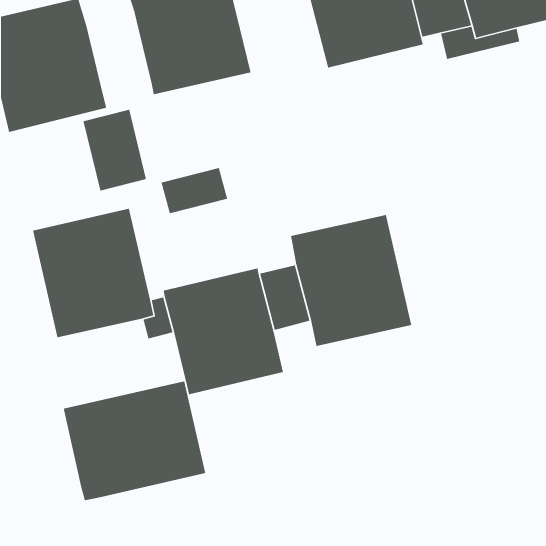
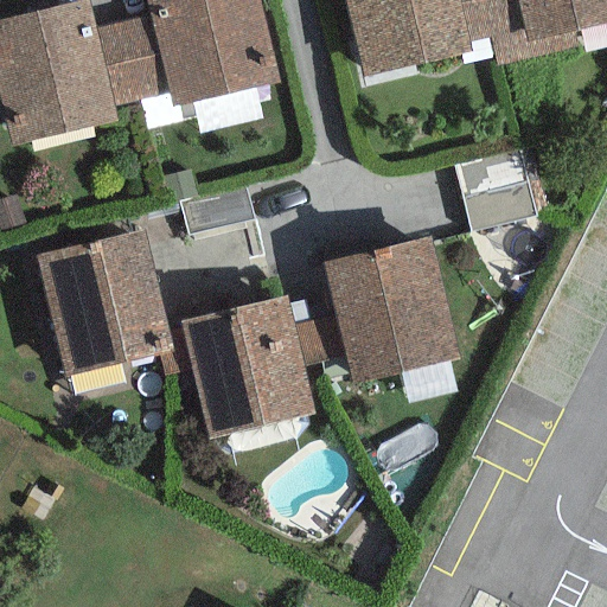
building: [83,109,147,191] -> [97,14,168,106]
building: none -> [451,143,537,234]
building: [63,381,206,501] -> none

